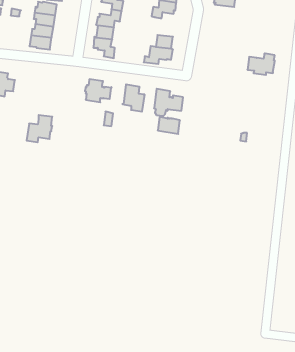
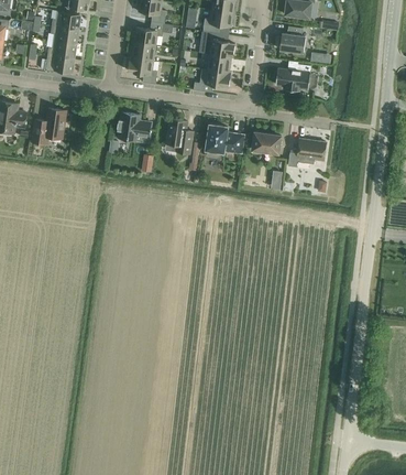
building: none -> [277,26,305,53]
building: none -> [199,31,234,57]
building: [247,54,275,75] -> [275,64,310,91]
building: none -> [287,139,326,168]
building: [27,115,52,142] -> [32,109,65,144]
building: [158,117,180,134] -> [252,132,281,154]

